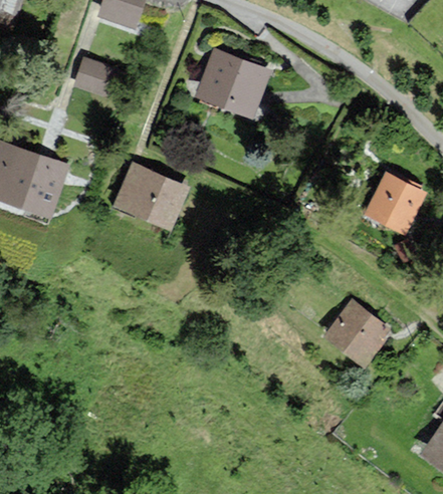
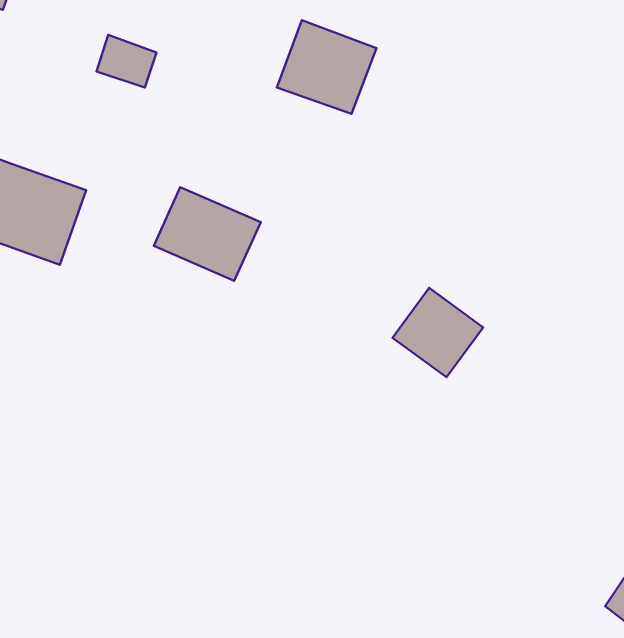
building: [367,173,422,229] -> none
building: [325,300,388,361] -> [392,288,483,377]

